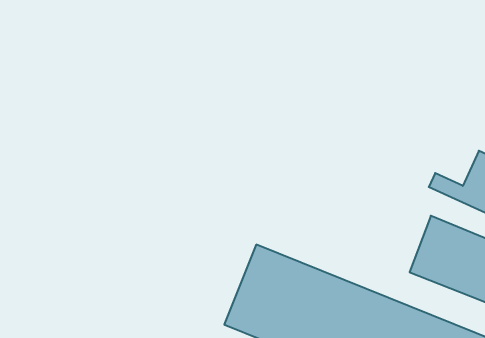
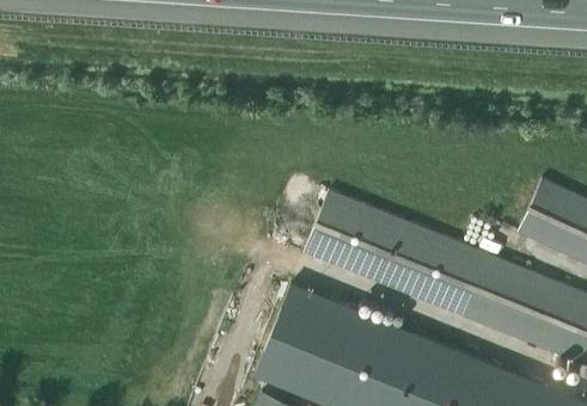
building: none -> [304,191,488,316]

